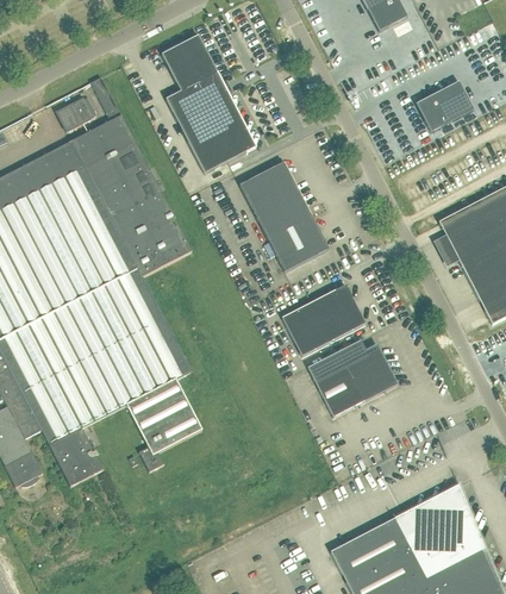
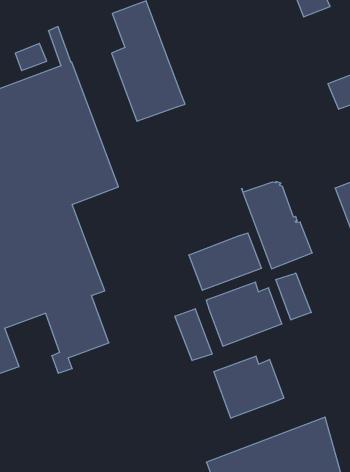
building: [239,171,329,271] -> [241,182,312,269]
building: none -> [276,273,311,320]
building: none -> [175,309,212,361]
building: none -> [214,356,284,418]

